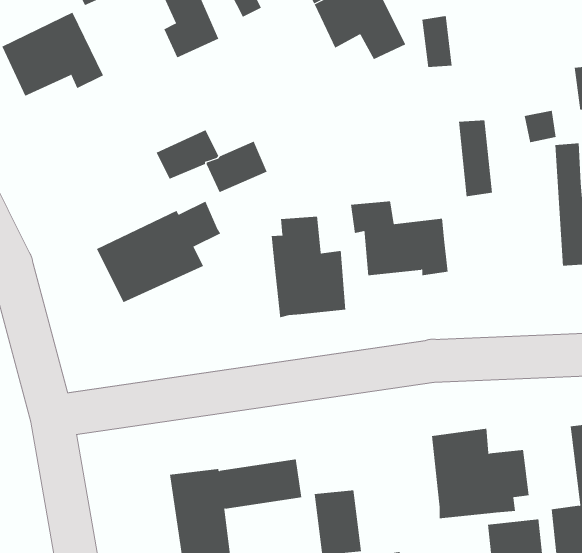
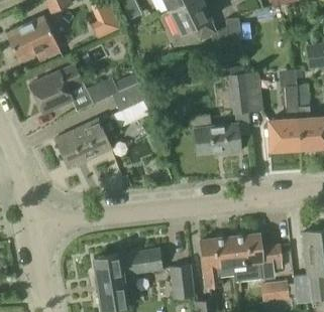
building: none -> [29,64,83,114]
building: none -> [228,73,248,115]
building: none -> [267,86,299,150]
building: [271,216,346,318] -> none
building: none -> [201,238,234,289]

